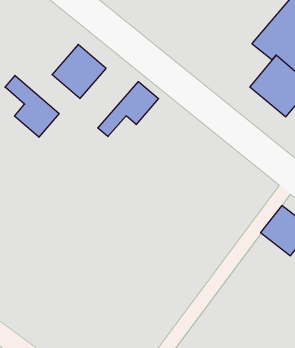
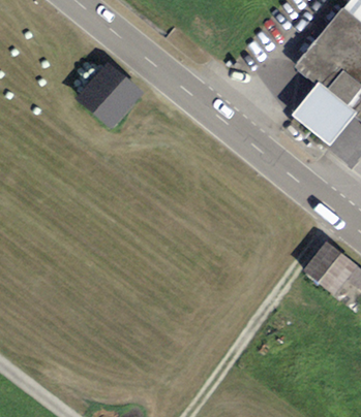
building: [5,75,59,137] -> none
building: [98,82,159,137] -> none

